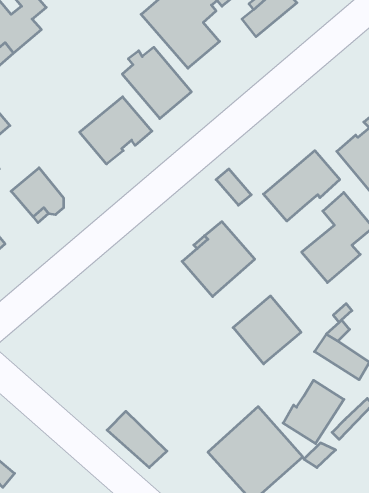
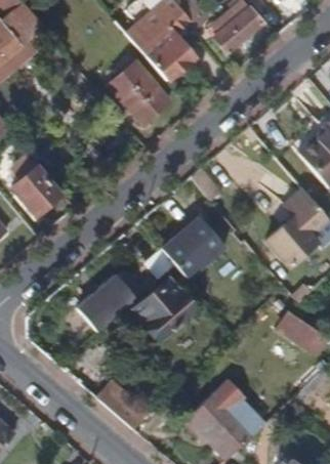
building: [80,97,152,164] -> none
building: [263,151,340,221] -> none
building: none -> [77,272,145,332]
building: [233,296,301,364] -> [133,281,193,340]
building: [283,380,344,444] -> none

